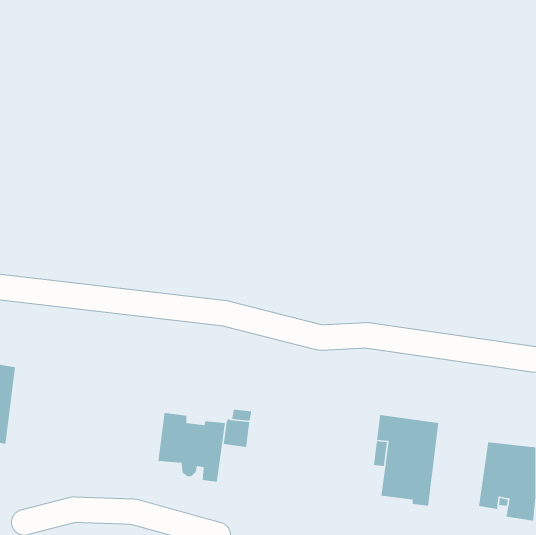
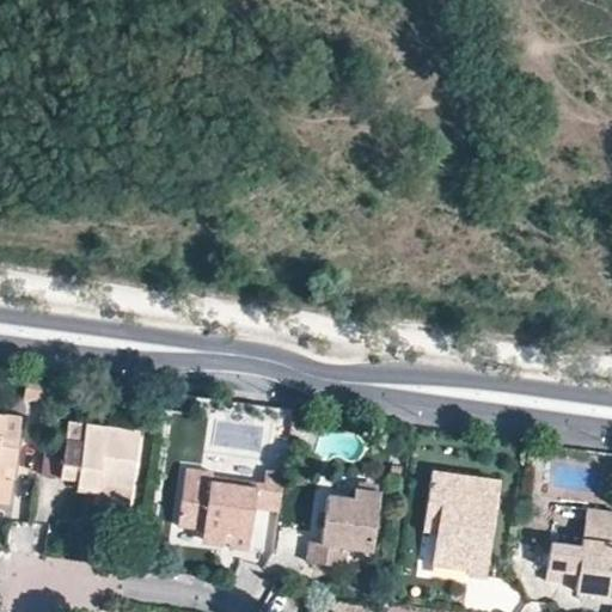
building: none -> [65,426,143,492]
building: none -> [307,490,381,569]

